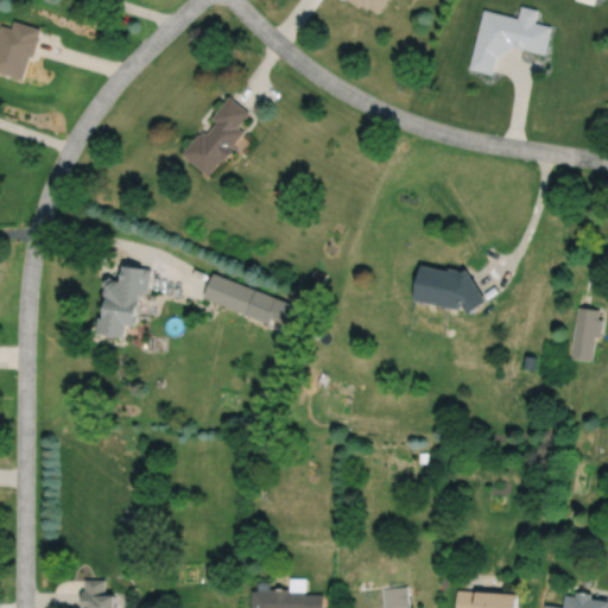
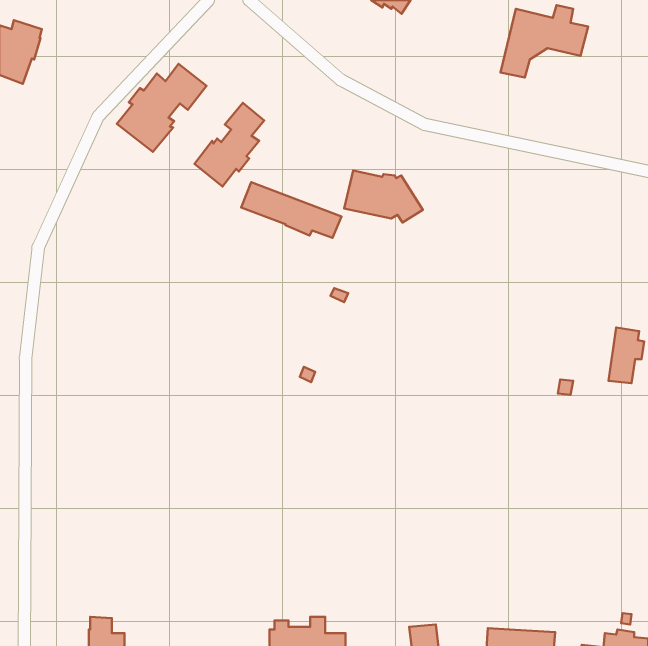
building: none -> [117,64,206,152]
building: [100,267,151,335] -> none
building: [411,267,484,316] -> [344,170,423,222]
building: [203,277,297,329] -> [241,182,341,238]

